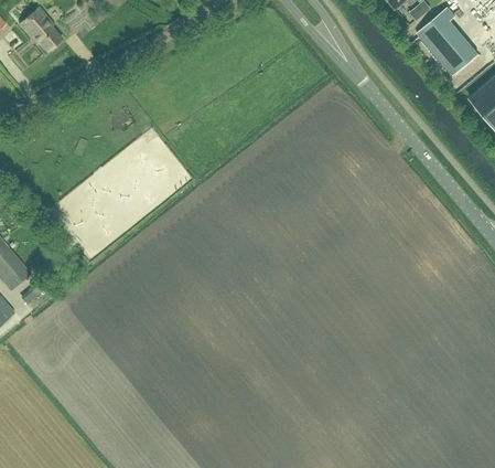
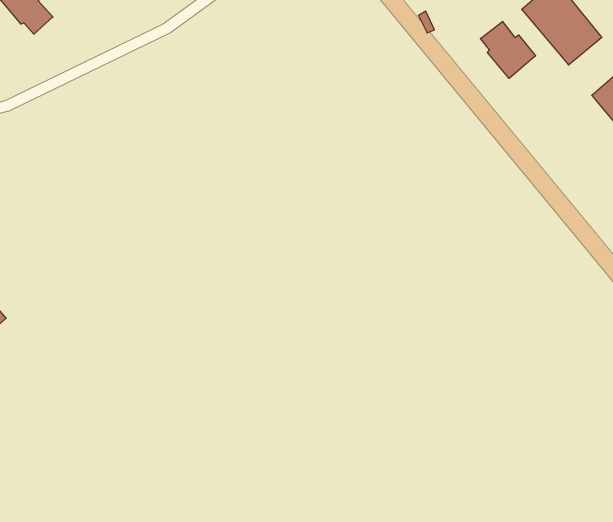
building: none -> [480,21,536,78]

